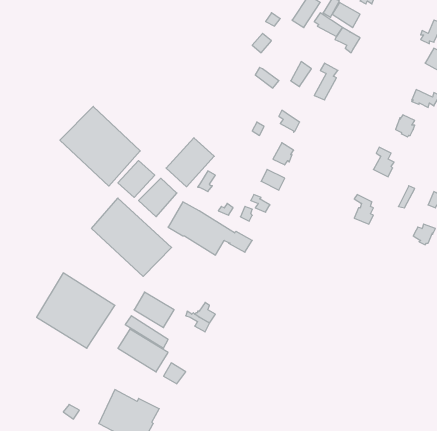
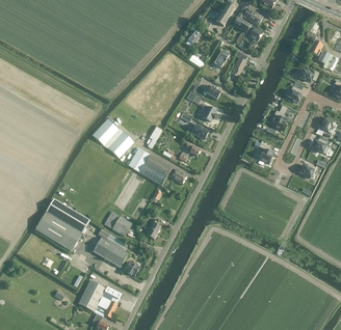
building: [60,106,140,186] -> none
building: [166,138,214,187] -> none
building: [92,198,172,276] -> none

